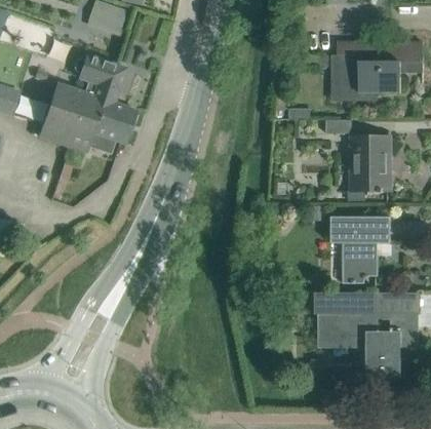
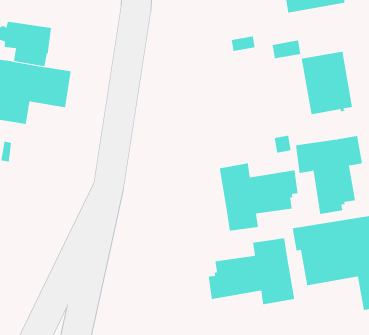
building: none -> [219,163,298,232]
building: none -> [208,238,295,305]

